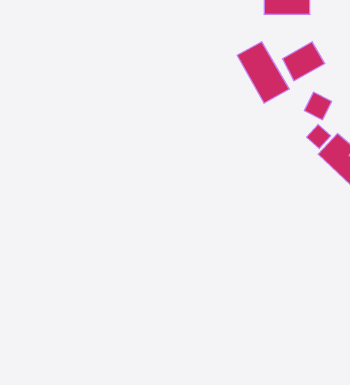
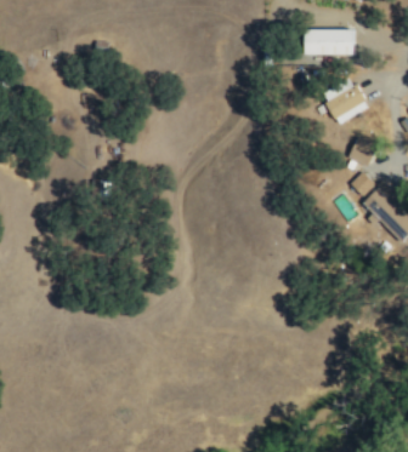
building: [237,42,289,103] -> none

